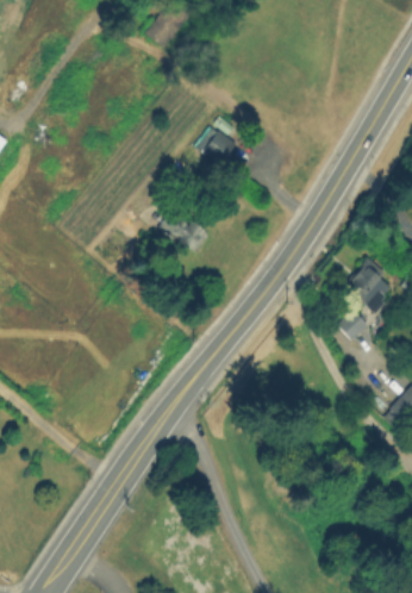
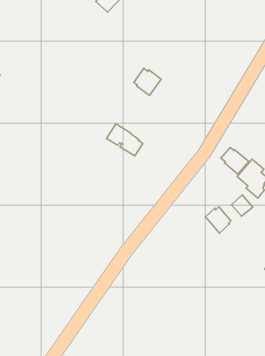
building: none -> [221,147,249,174]
building: none -> [205,207,231,233]

